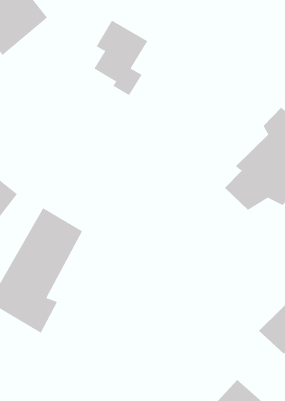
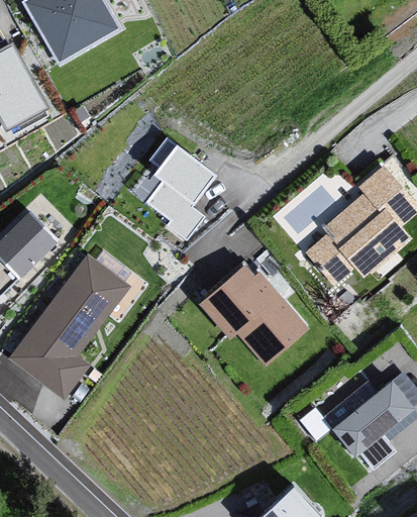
building: [93,20,148,96] -> [150,144,219,237]
building: none -> [197,265,311,369]

